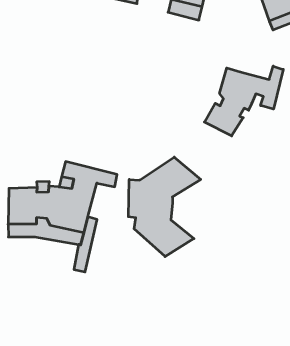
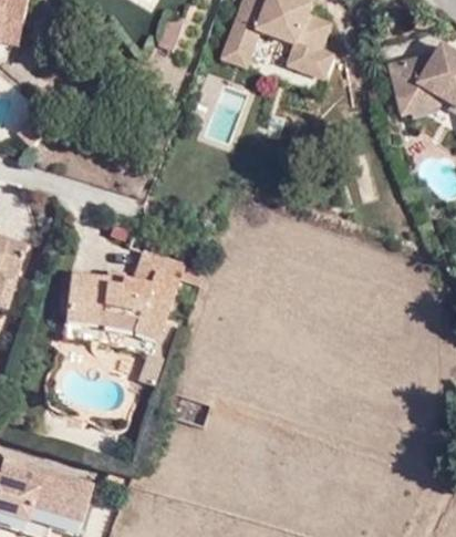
building: [204,66,283,136] -> none
building: [128,157,201,257] -> none

